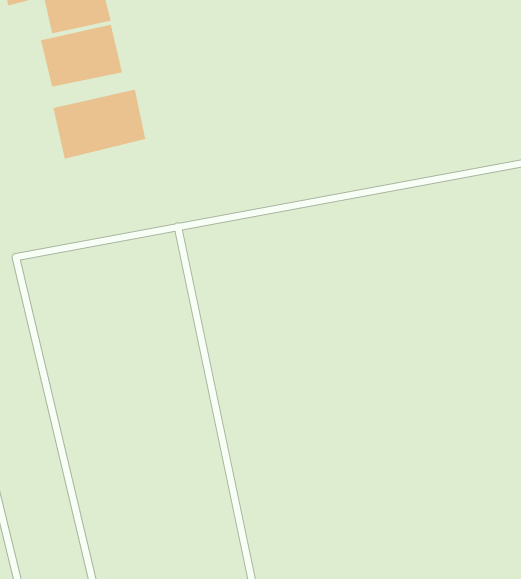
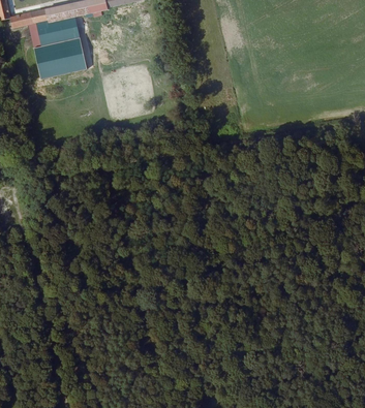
building: [53,89,146,160] -> none

